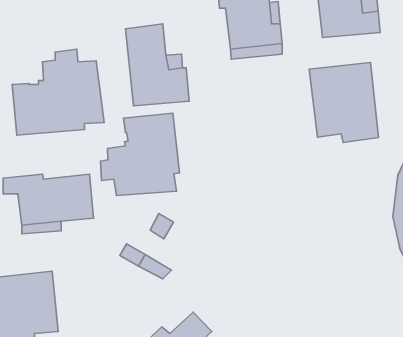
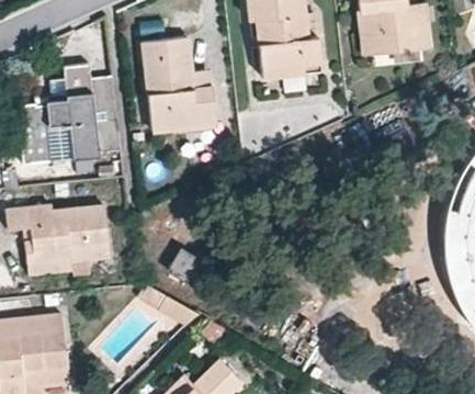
building: [309,62,378,142] -> none
building: [101,113,179,195] -> none

